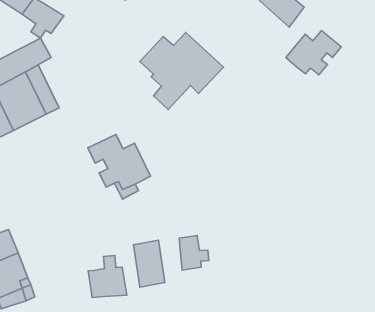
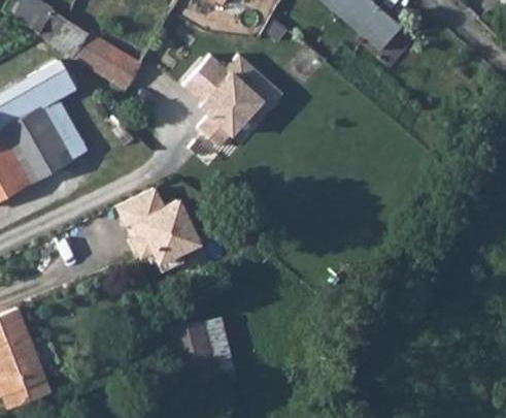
building: none -> [73,34,138,89]
building: [286,31,341,75] -> none
building: [179,235,209,270] -> none
building: [88,255,127,297] -> none

